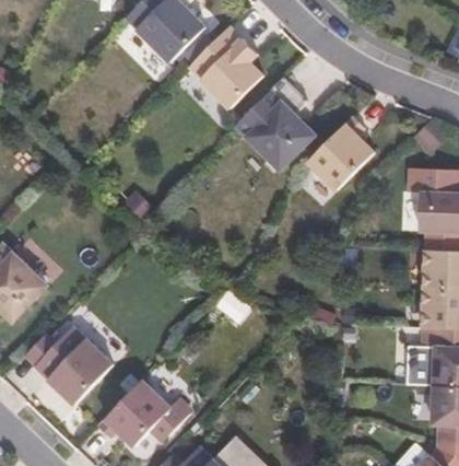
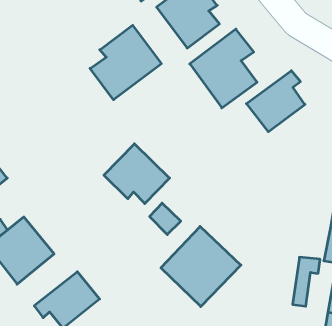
building: none -> [90,25,161,100]
building: none -> [104,144,170,204]
building: none -> [161,226,241,307]

